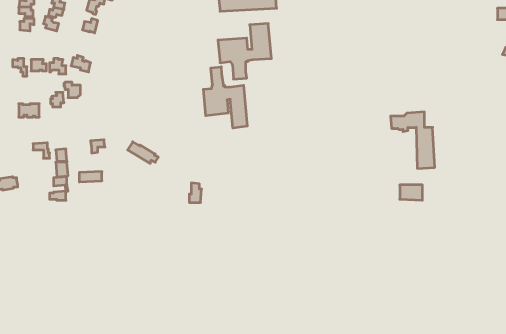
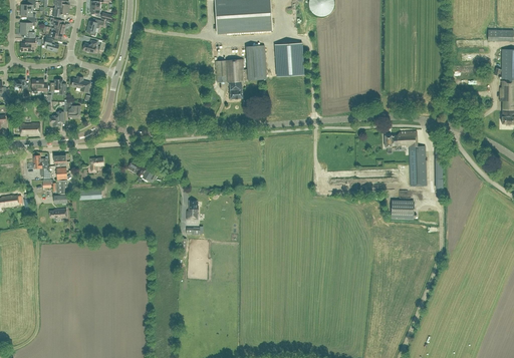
building: none -> [275,42,303,75]
building: [203,67,247,128] -> none

